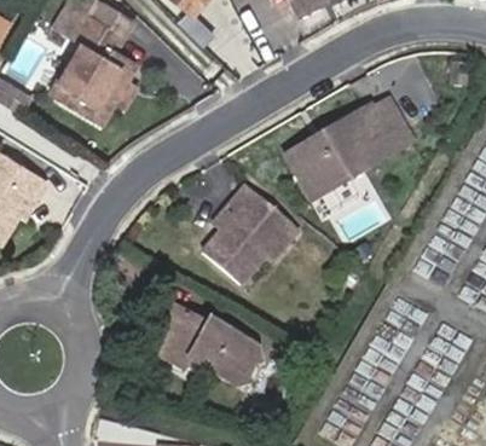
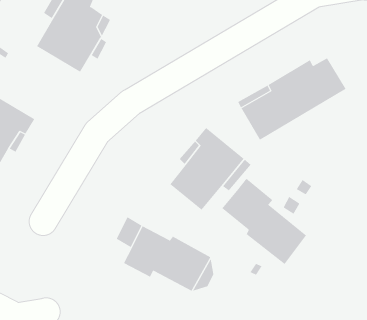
building: none -> [221,178,307,265]

